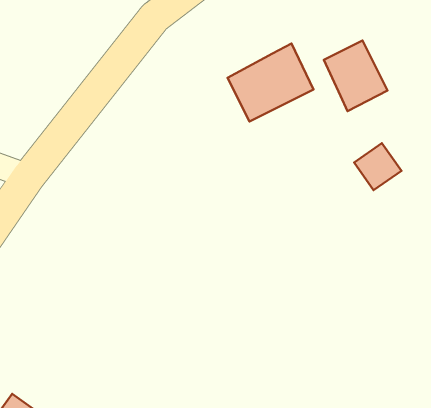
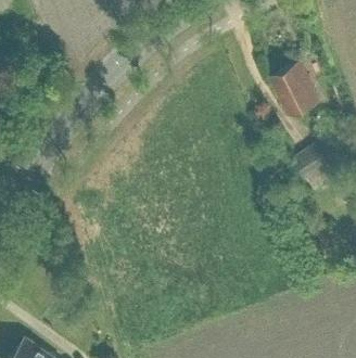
building: [228,43,314,121] -> none

